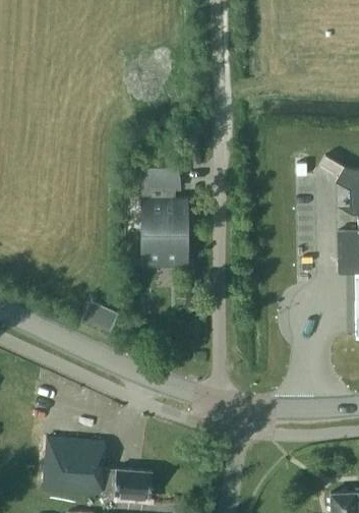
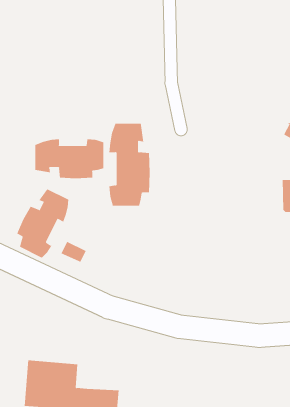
building: none -> [35,138,104,179]
building: none -> [16,188,69,259]

